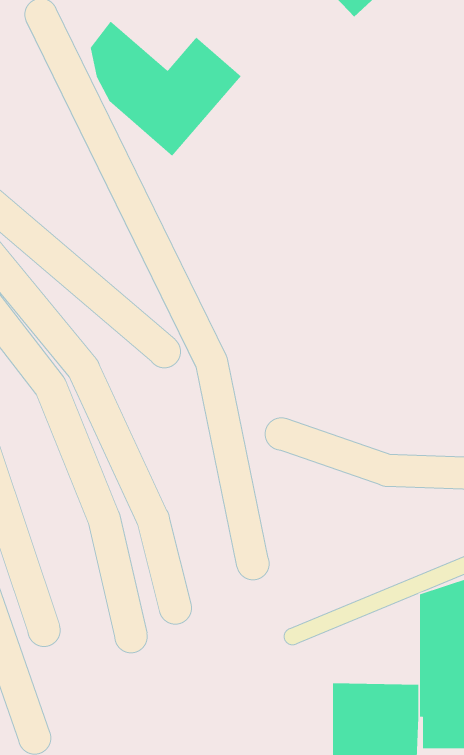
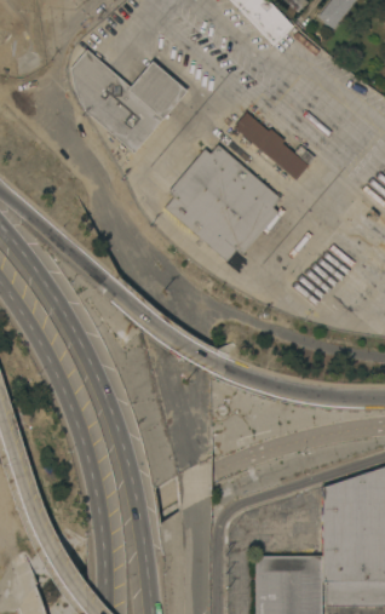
building: none -> [235,111,309,179]
building: none -> [166,144,282,260]

